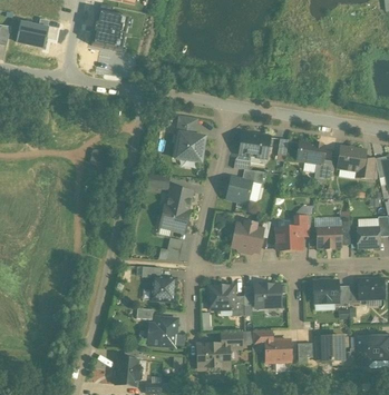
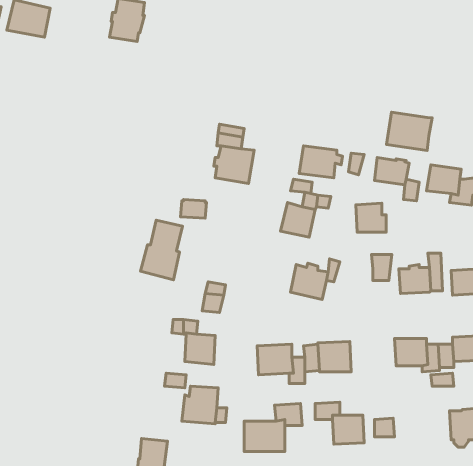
building: none -> [387,112,432,150]
building: [159,186,192,231] -> [140,220,182,280]
building: [276,227,300,249] -> [356,203,386,232]
building: [317,335,343,365] -> none

